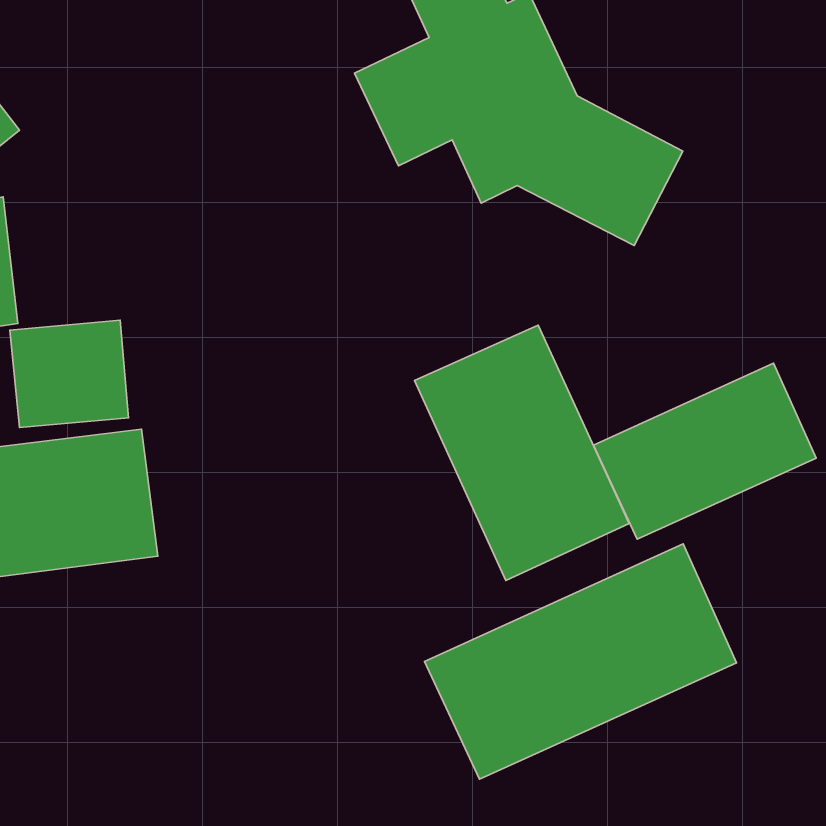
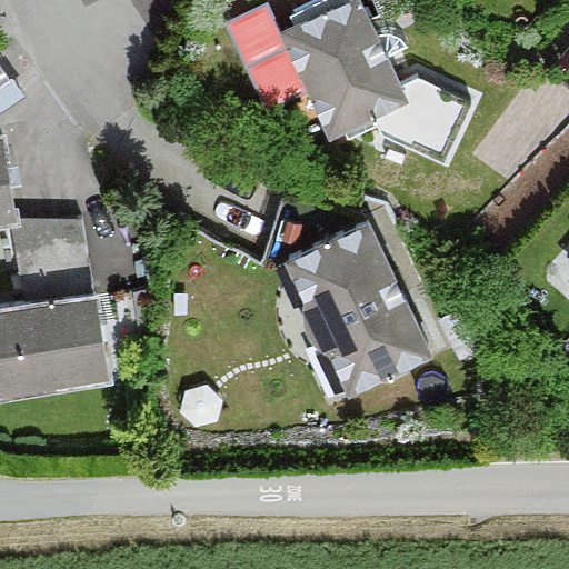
building: [593,363,816,539] -> none
building: [425,544,736,779] -> none

